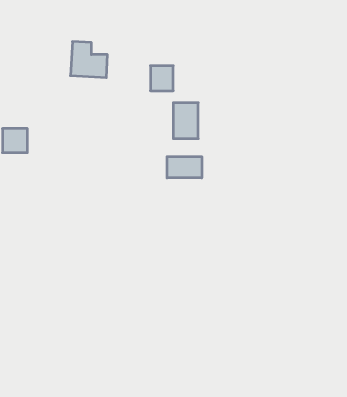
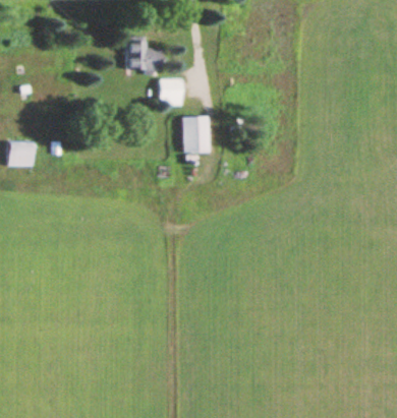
building: [70,42,107,78] -> [125,35,163,71]
building: [167,157,202,178] -> none

